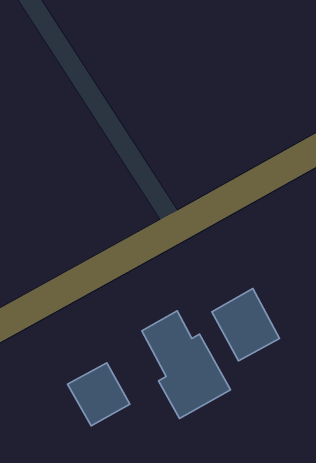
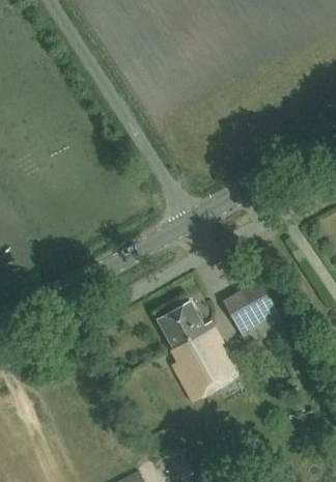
building: [68,363,130,426] -> none

